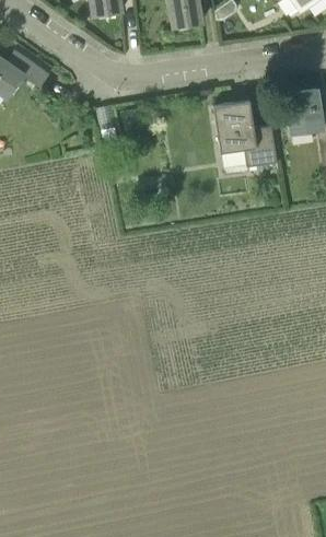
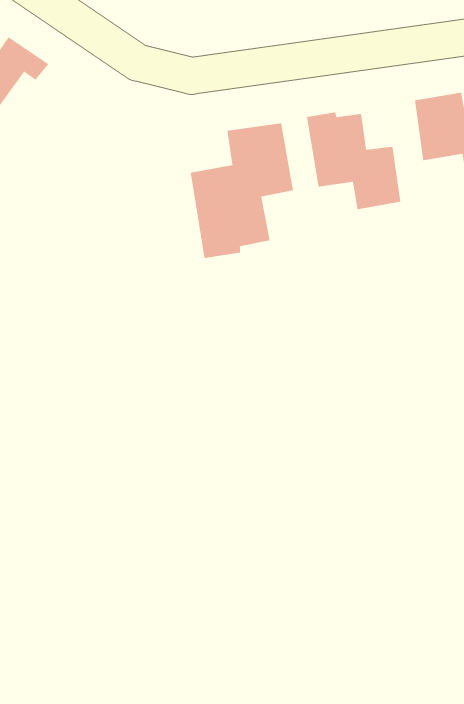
building: none -> [190,123,294,259]

